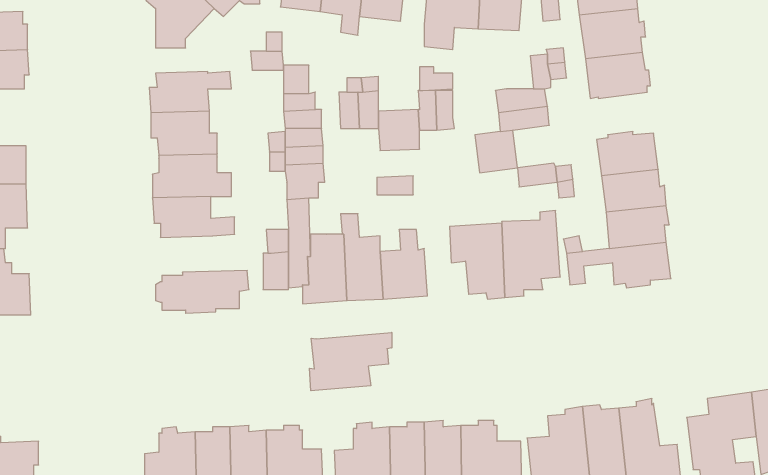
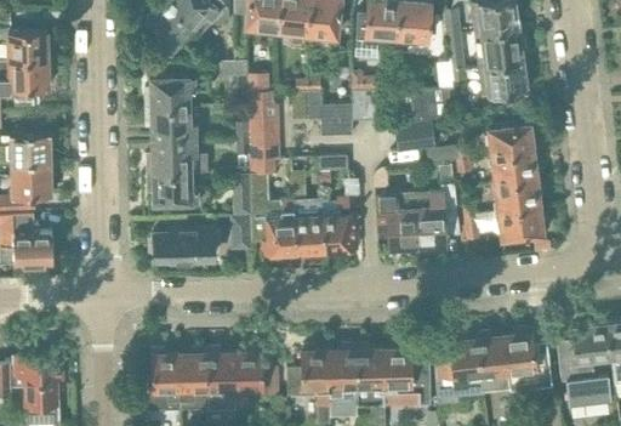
building: [309,332,392,391] -> none

